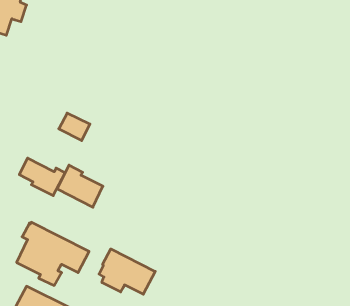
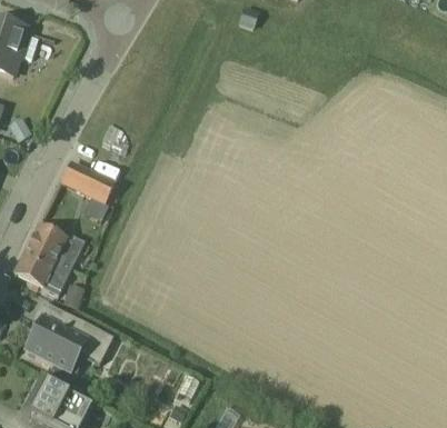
building: [57,165,103,207] -> [14,241,70,292]
building: [99,249,155,294] -> none

